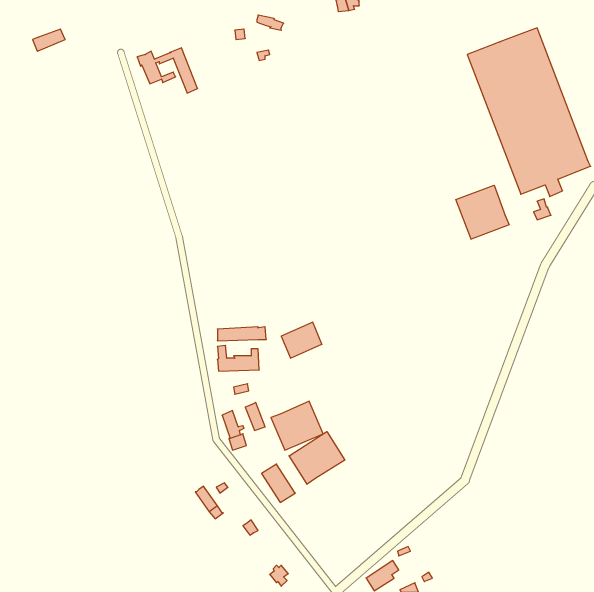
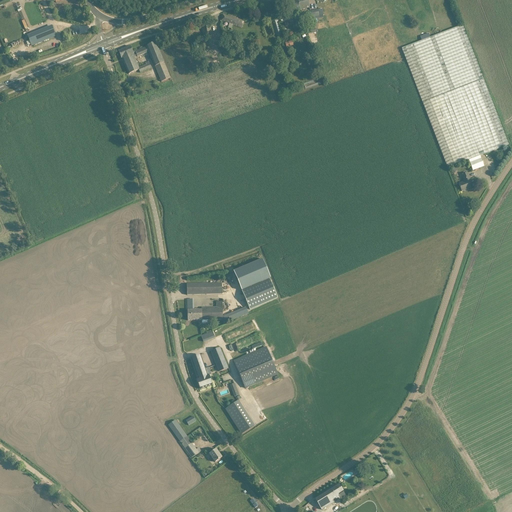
building: [456,185,509,239] -> none
building: none -> [234,258,270,288]
building: [289,432,345,484] -> none

